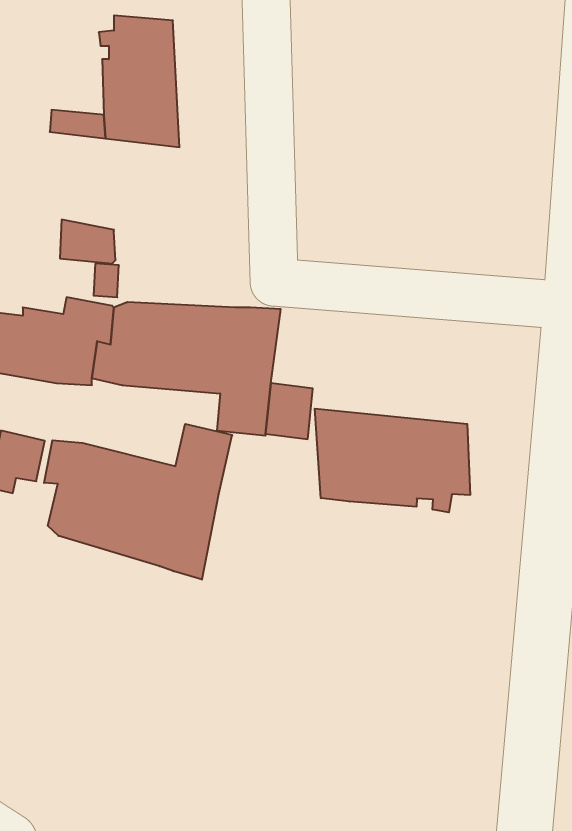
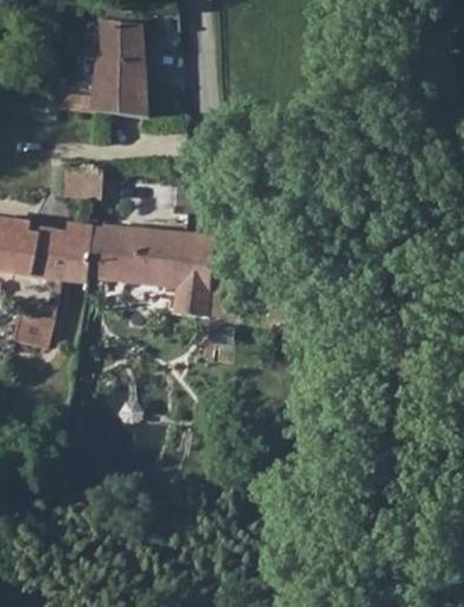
building: [315,409,470,512] -> none
building: [44,424,232,580] -> none

